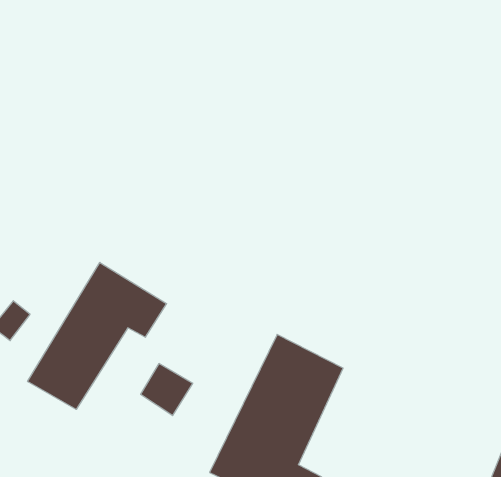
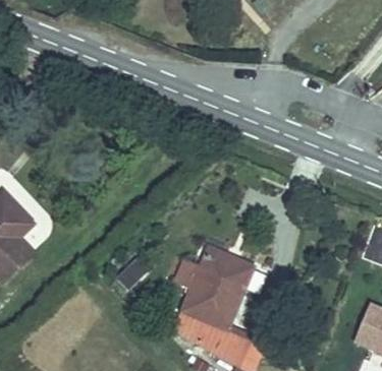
building: [28,262,167,409] -> none

